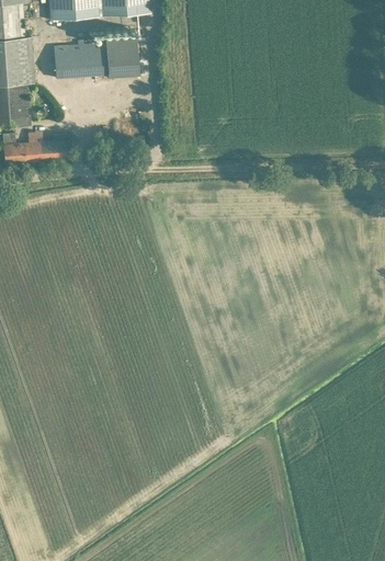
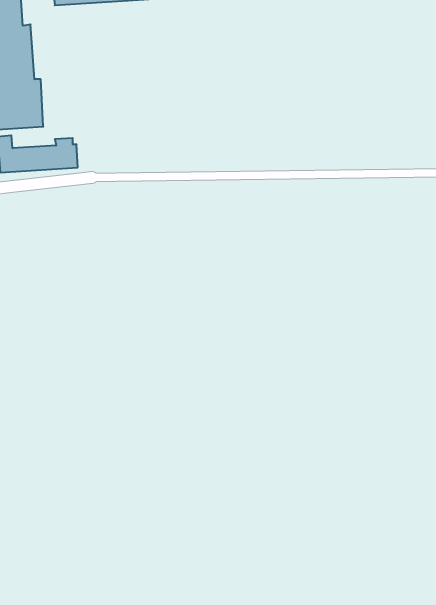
building: [53,36,138,78] -> none

